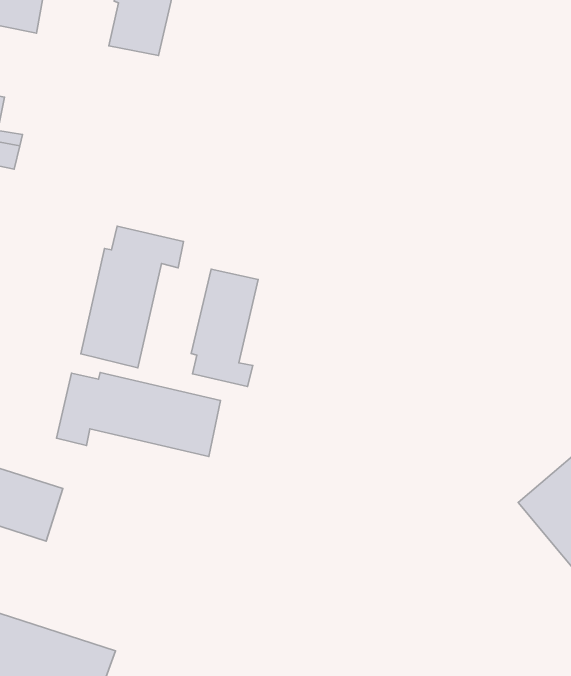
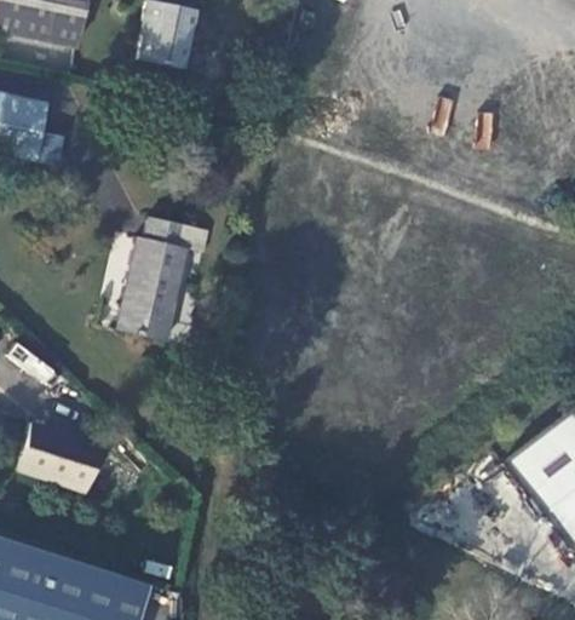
building: [191,269,258,387] -> none
building: [56,372,221,456] -> none

